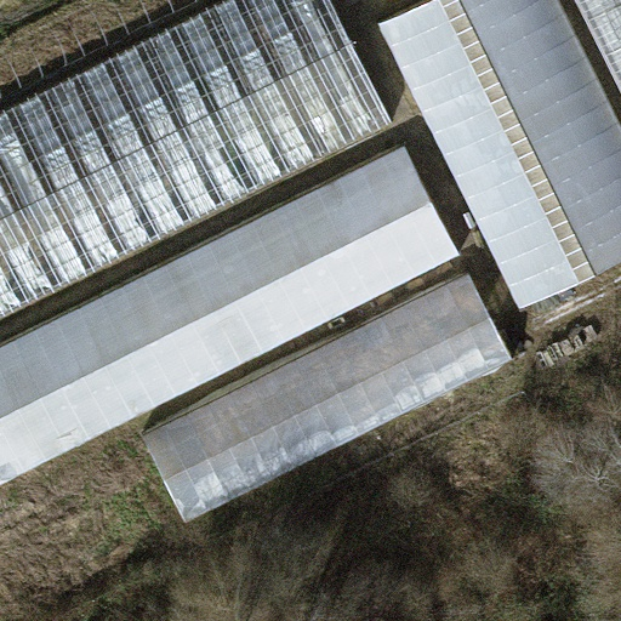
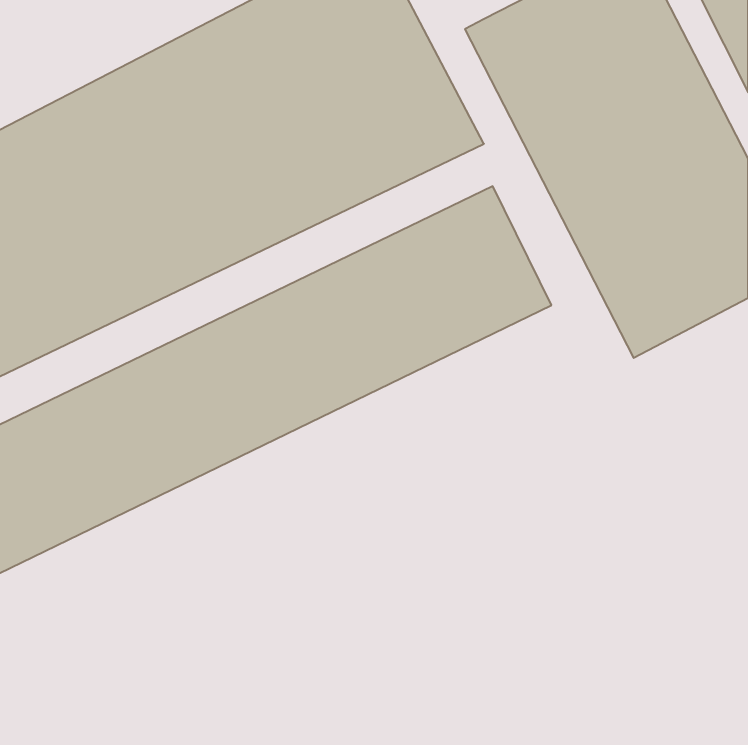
building: [163,286,511,512] -> none

